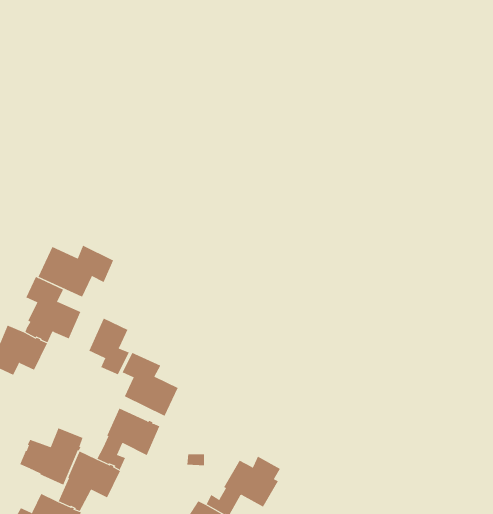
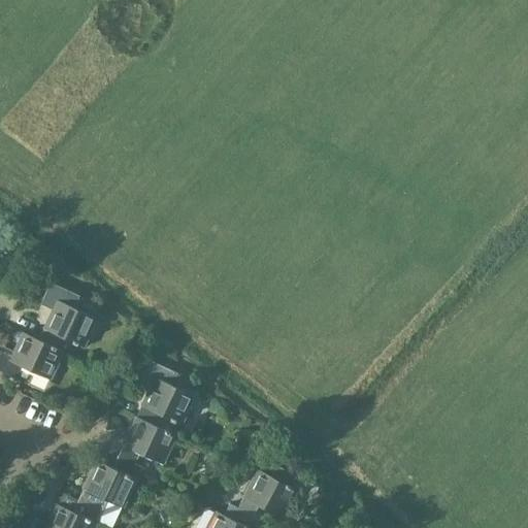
building: [38,245,114,298] -> none
building: [88,318,130,375] -> none
building: [19,428,83,485] -> none

